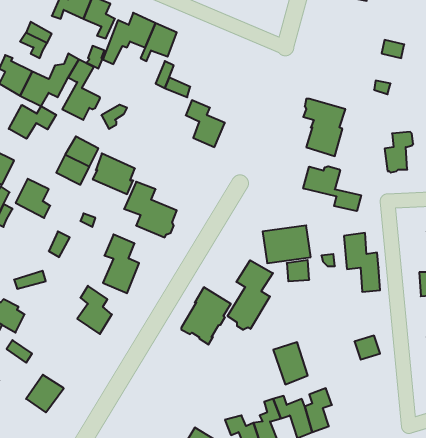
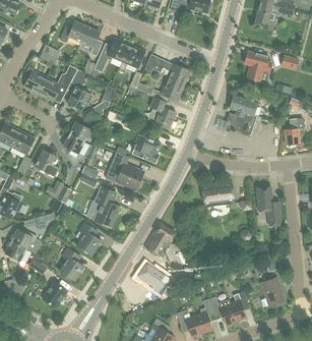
building: none -> [244,51,271,81]
building: none -> [144,55,189,101]
building: [9,105,56,139] -> none
building: [93,153,135,194] -> [131,135,160,163]
building: [303,166,361,211] -> none
building: [228,260,273,330] -> none
building: none -> [59,247,83,280]
building: [273,342,308,384] -> [260,277,284,305]
building: none -> [137,264,168,292]

